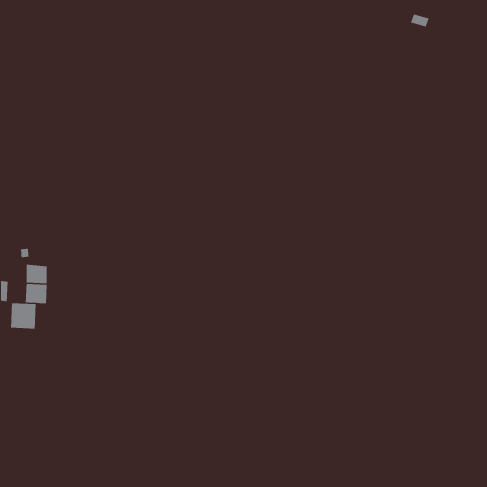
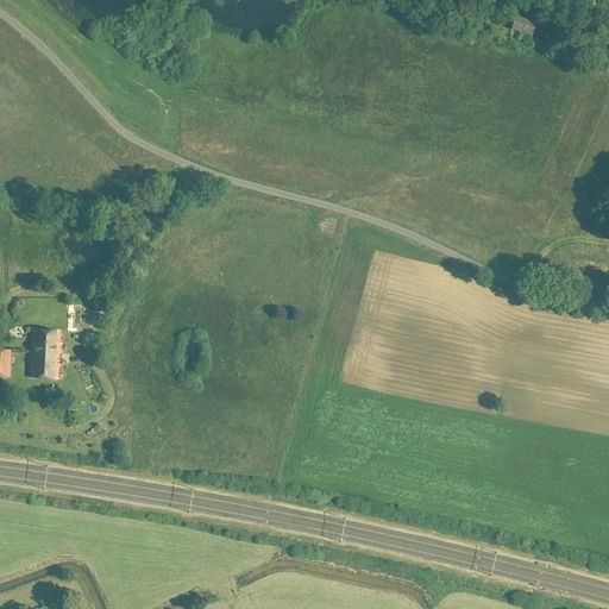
building: [10,302,36,329] -> none

